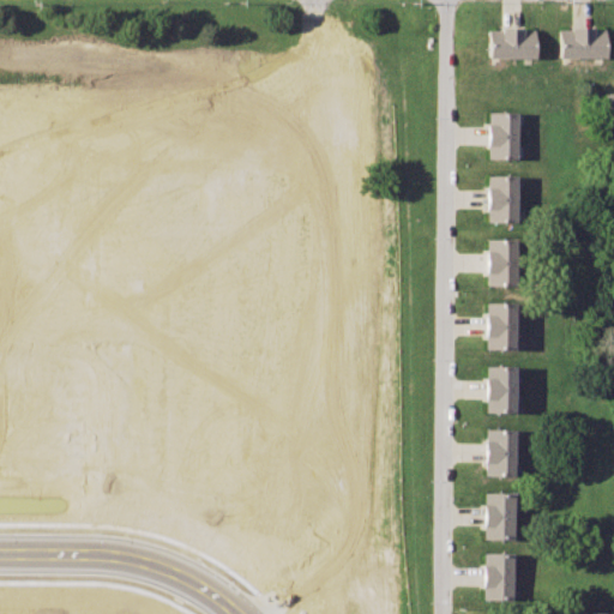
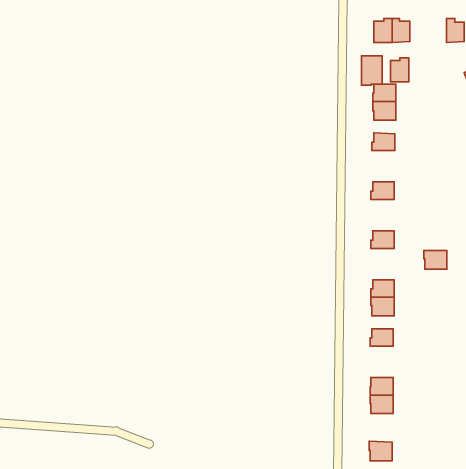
building: [564,28,588,59] -> [390,58,409,82]
building: none -> [361,56,382,85]
building: [490,199,520,223] -> none
building: [489,263,519,287] -> none
building: [489,326,519,350] -> [424,251,447,269]
building: [488,453,518,477] -> none
building: [487,554,518,578] -> none

